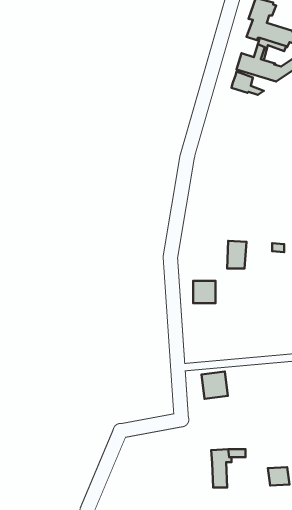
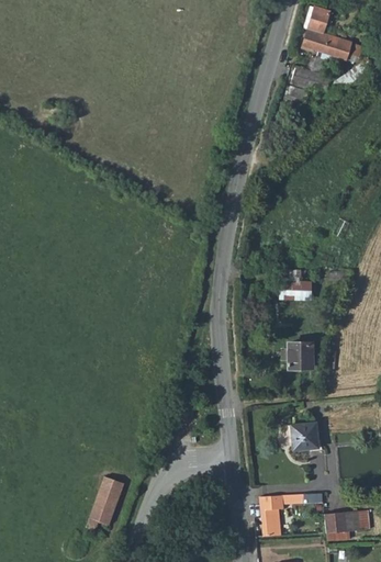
building: [193,281,215,303] -> [288,344,312,368]
building: [201,371,228,399] -> [291,422,320,451]
building: none -> [85,476,123,535]

